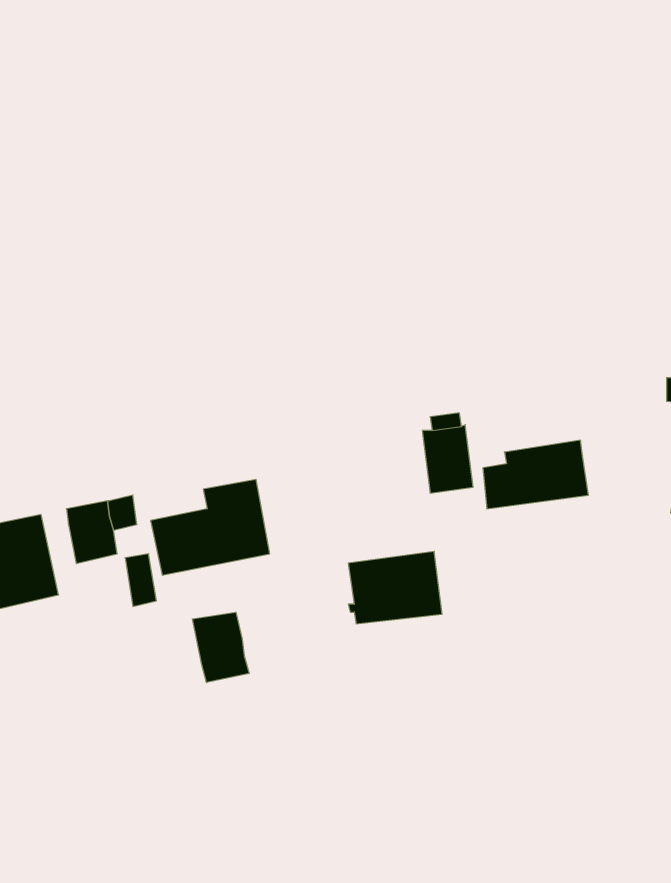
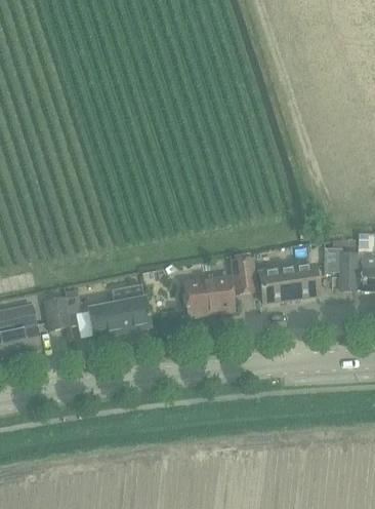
building: none -> [316,246,355,288]
building: [348,551,442,624] -> [183,274,233,312]
building: [193,612,249,683] -> none

